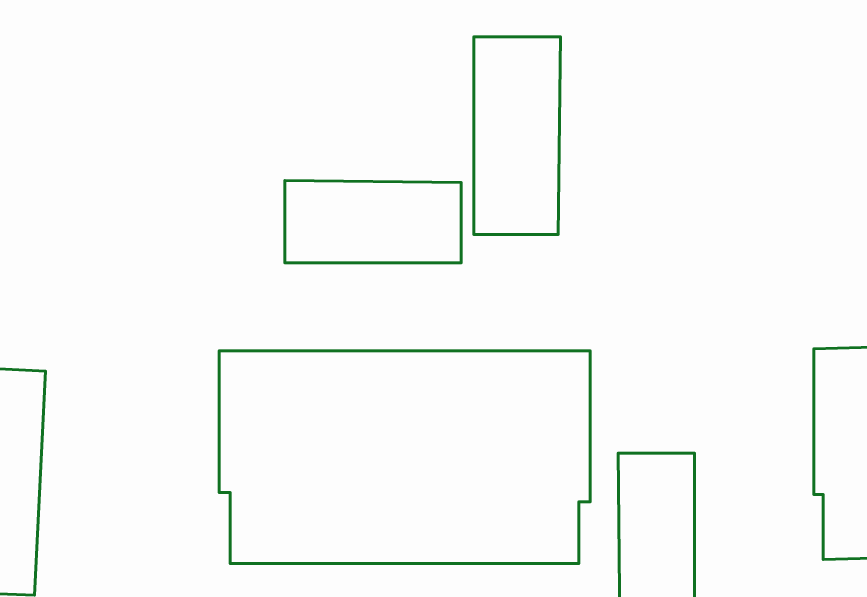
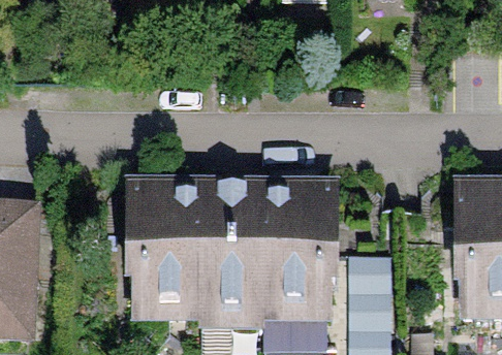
building: [474,37,560,235] -> none
building: [285,180,461,263] -> none

